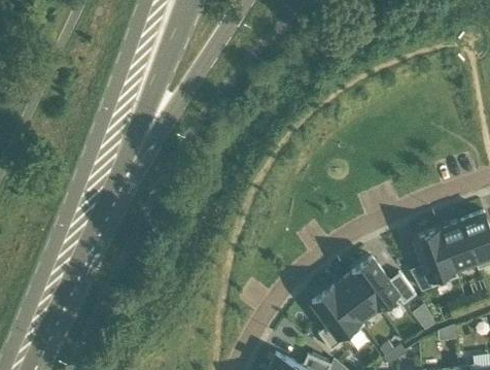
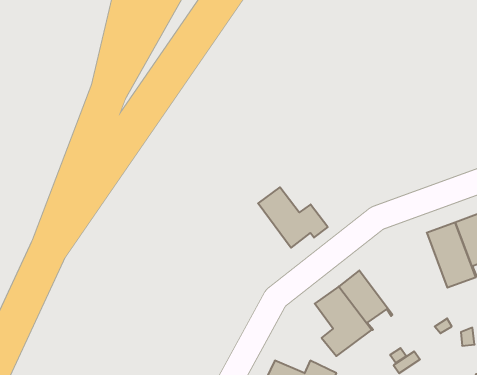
building: [352,258,415,312] -> [258,187,328,248]

